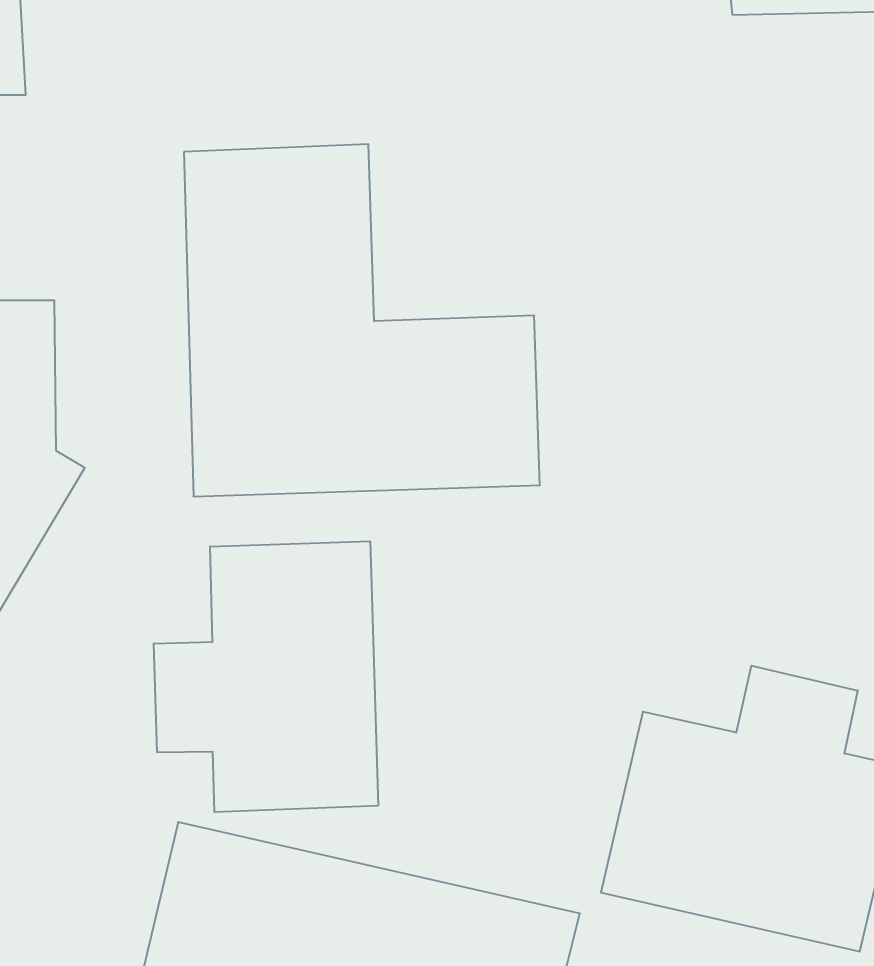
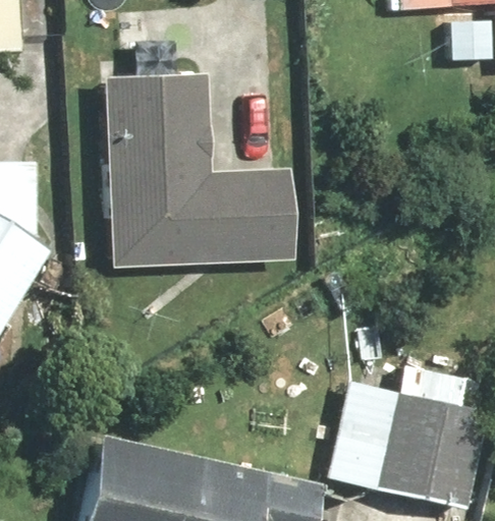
building: [154,541,378,812] -> none

